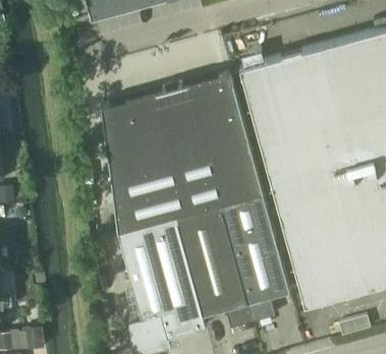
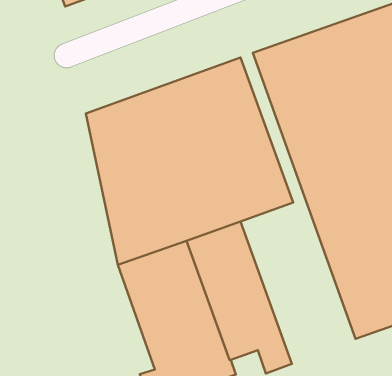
building: [219,192,289,322] -> none

